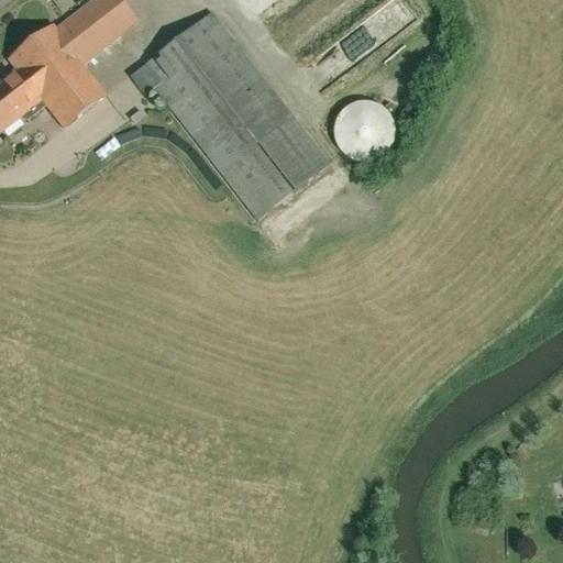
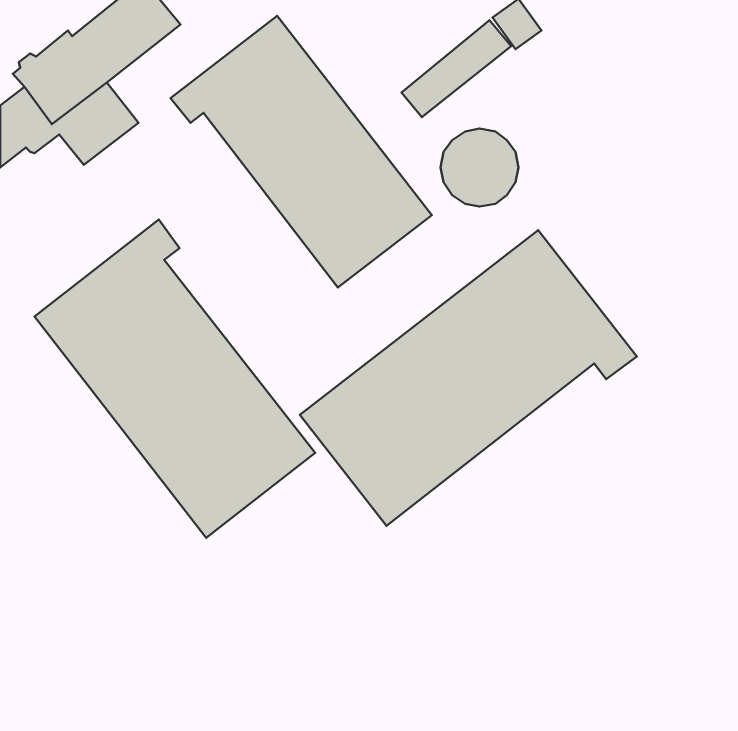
building: none -> [35,220,315,538]
building: none -> [300,230,637,526]

